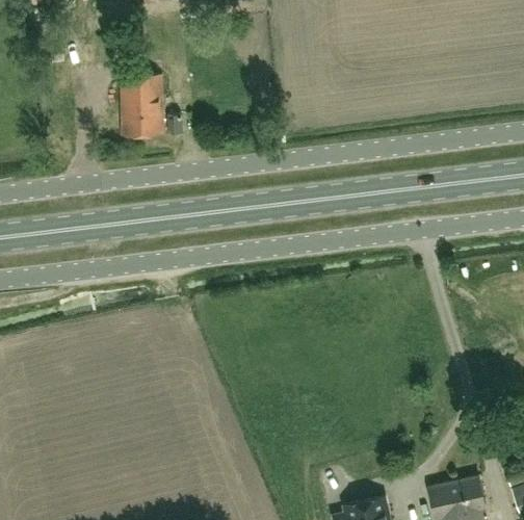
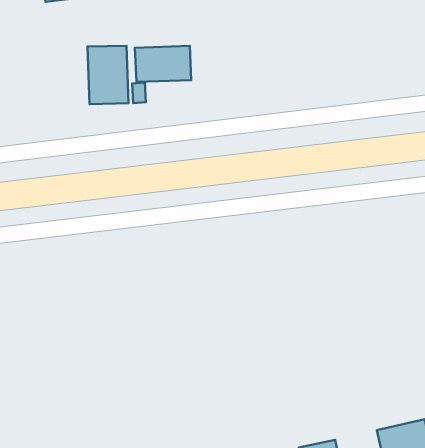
building: none -> [135,46,191,82]

